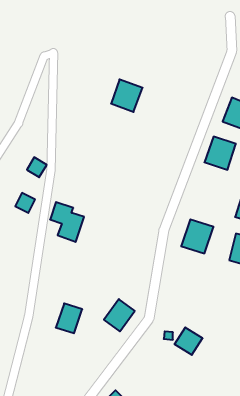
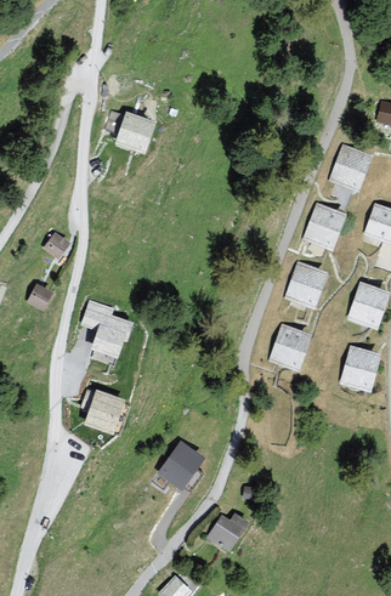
building: [111,79,143,112] -> [109,109,155,157]
building: none -> [285,262,329,307]
building: [56,303,82,333] -> [83,388,121,432]
building: [174,327,203,355] -> [206,515,248,555]

